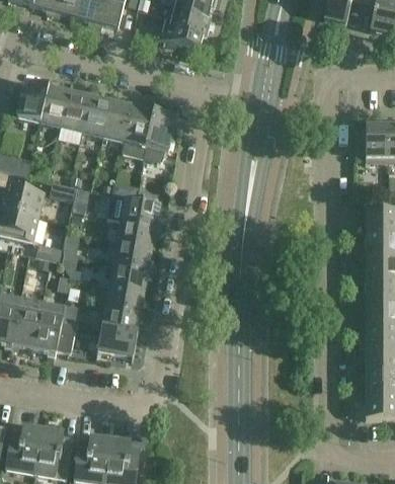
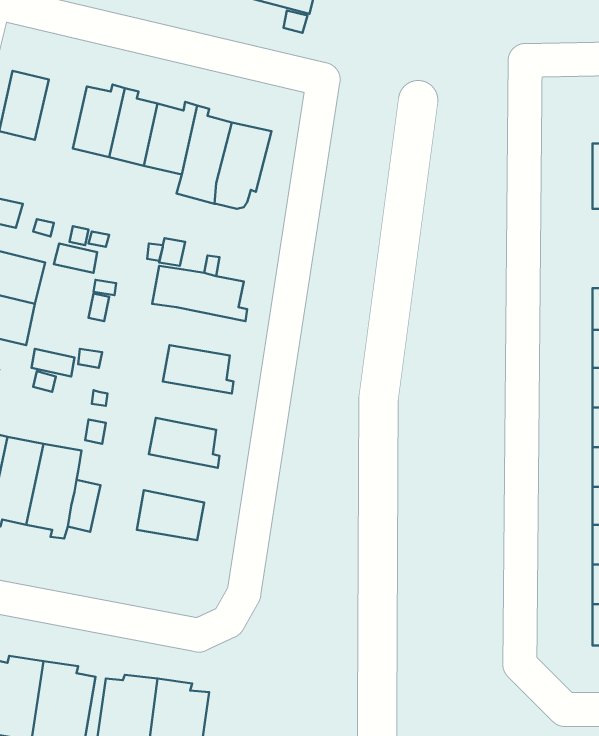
building: [37,81,68,127] -> none
building: [116,220,161,248] -> none
building: [108,263,153,292] -> none
building: [101,306,145,334] -> none

